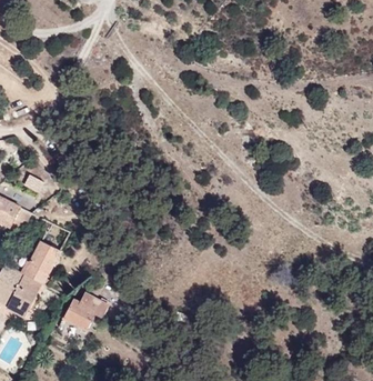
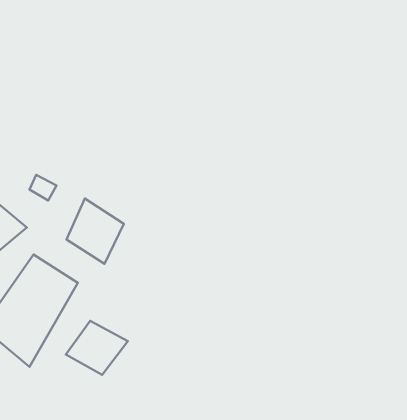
building: none -> [67,198,124,264]

